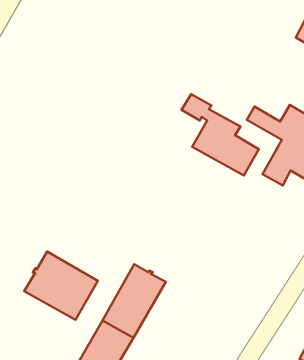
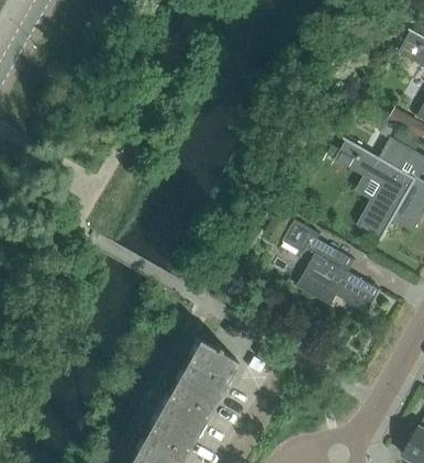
building: [182,94,259,176] -> [284,222,381,324]
building: [24,251,98,320] -> none

